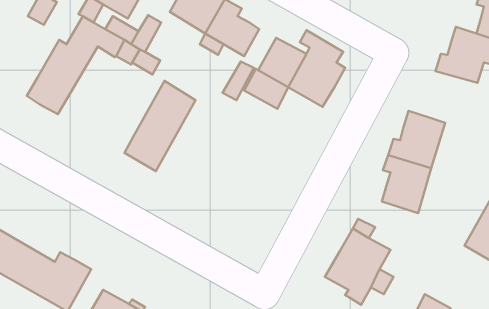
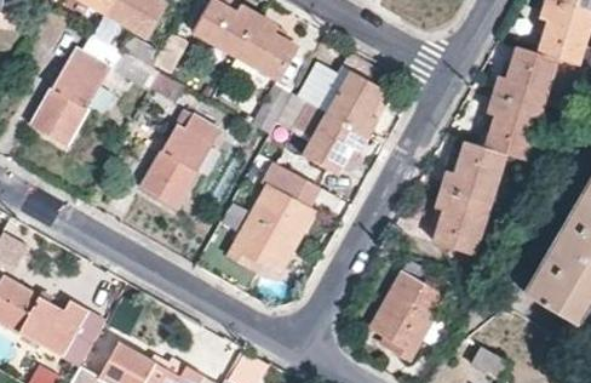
building: none -> [486,97,540,161]
building: none -> [304,115,366,175]
building: none -> [226,161,316,271]

